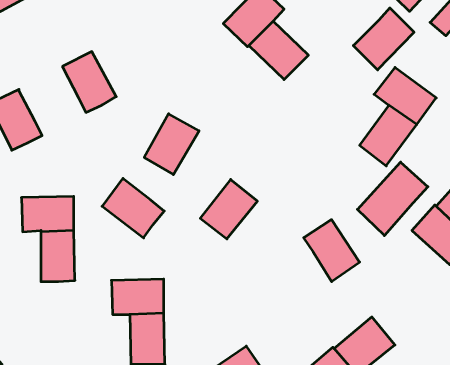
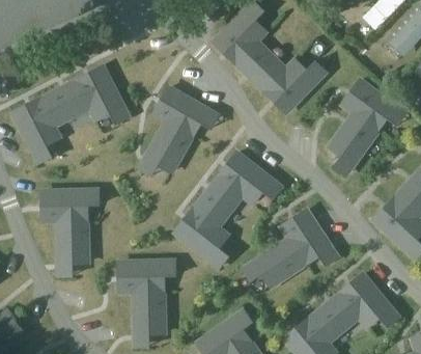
building: [353,8,414,70] -> [264,60,316,113]
building: none -> [39,81,90,127]
building: none -> [155,88,207,135]
building: none -> [219,154,272,203]
building: [357,162,428,236] -> none
building: [102,178,164,238] -> [175,209,228,260]
building: none -> [254,239,306,287]
building: none -> [340,274,391,328]

